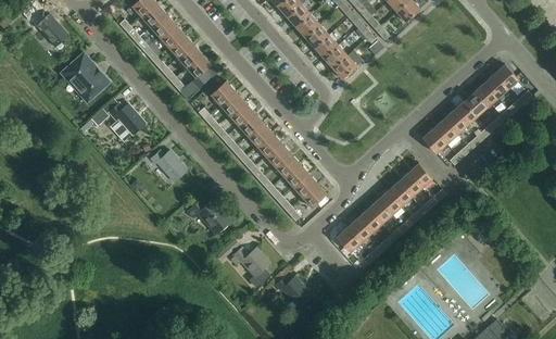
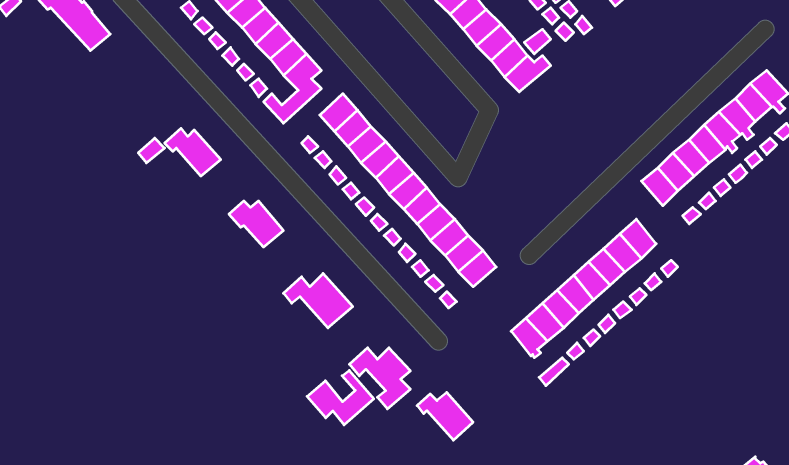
building: [61,53,109,103] -> none
building: none -> [307,370,374,425]

